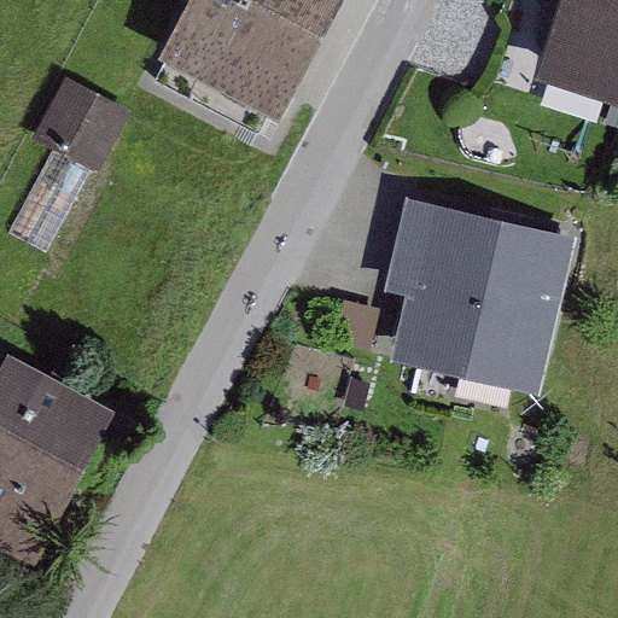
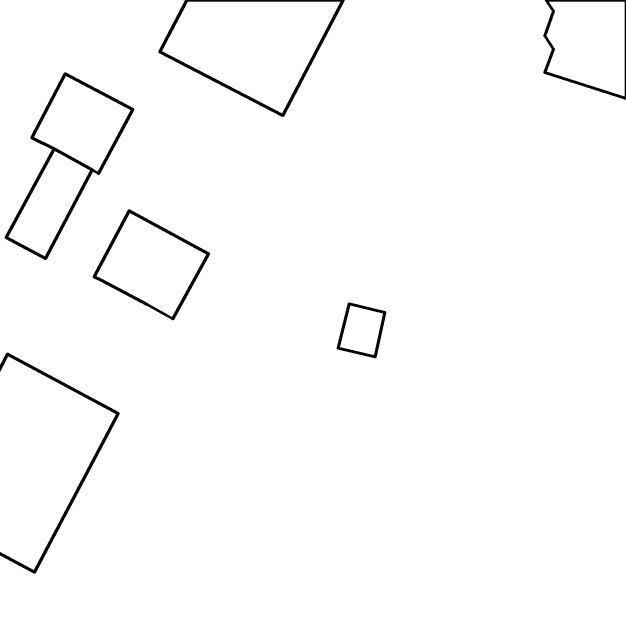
building: [384,197,573,395] -> none
building: none -> [94,211,209,319]

